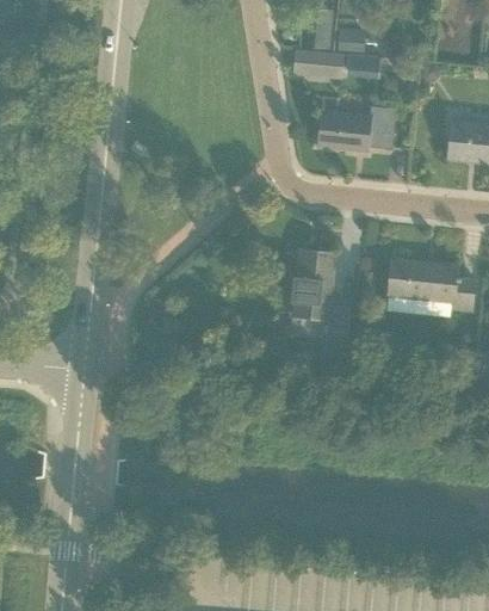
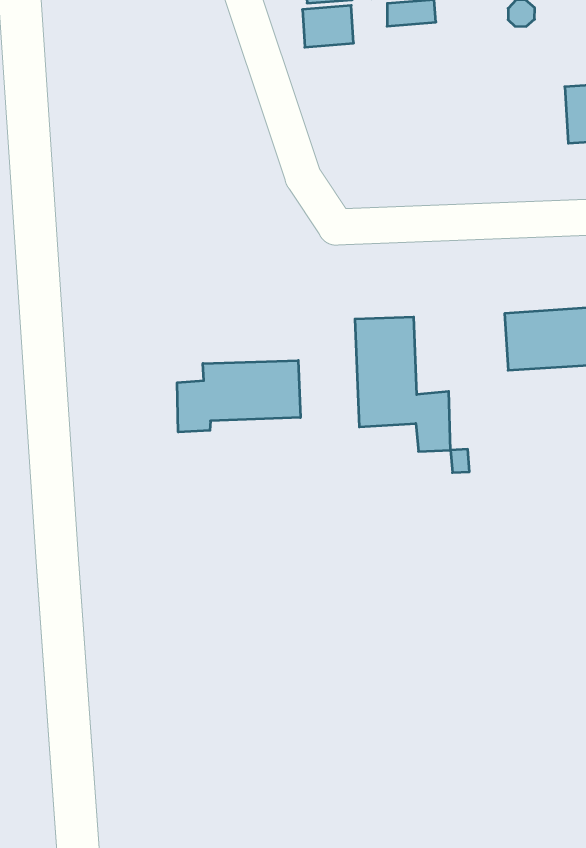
building: [316,106,395,150] -> none
building: none -> [177,360,300,432]

